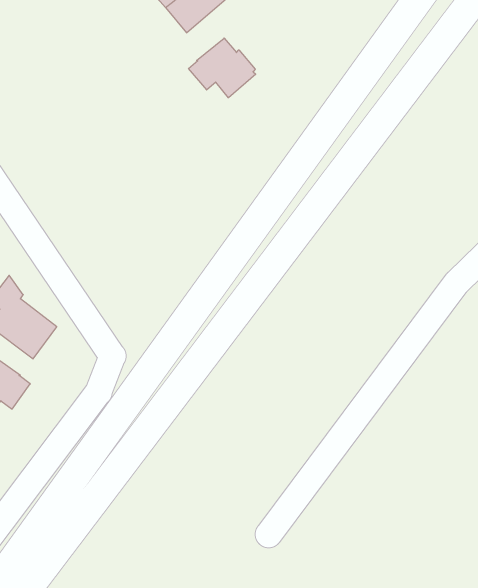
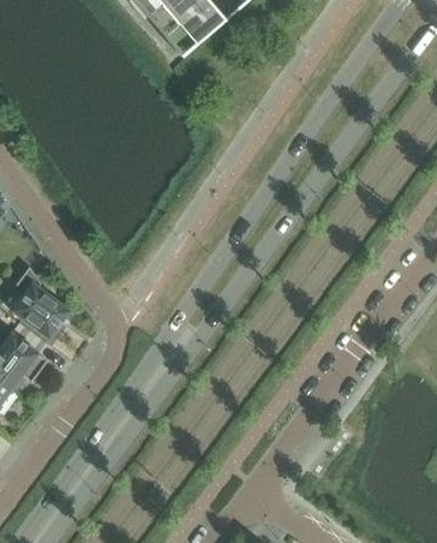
building: [189,38,256,98] -> none

